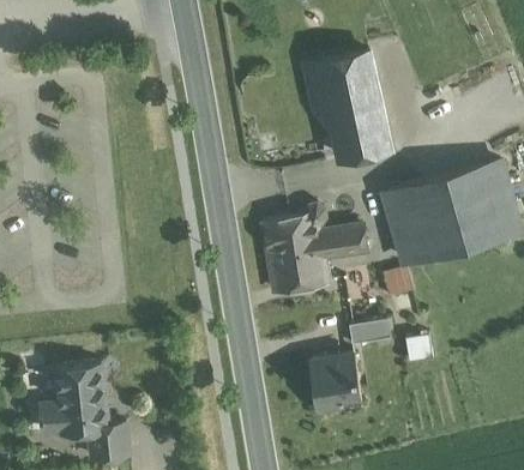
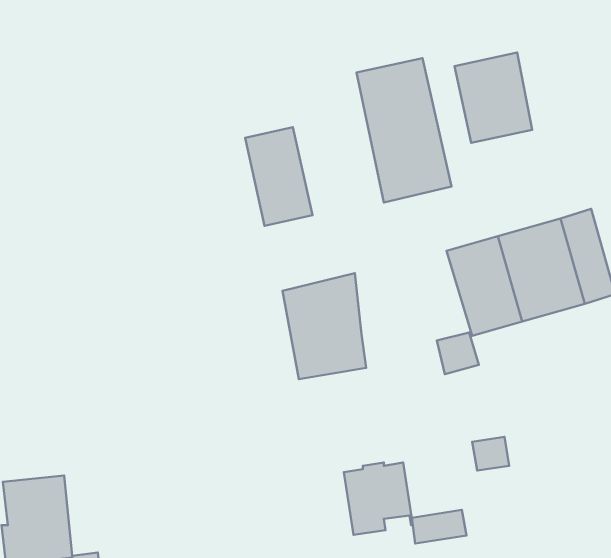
building: none -> [454,53,532,143]
building: none -> [245,127,312,226]
building: [320,234,363,259] -> none
building: [349,320,390,345] -> [412,510,467,543]

